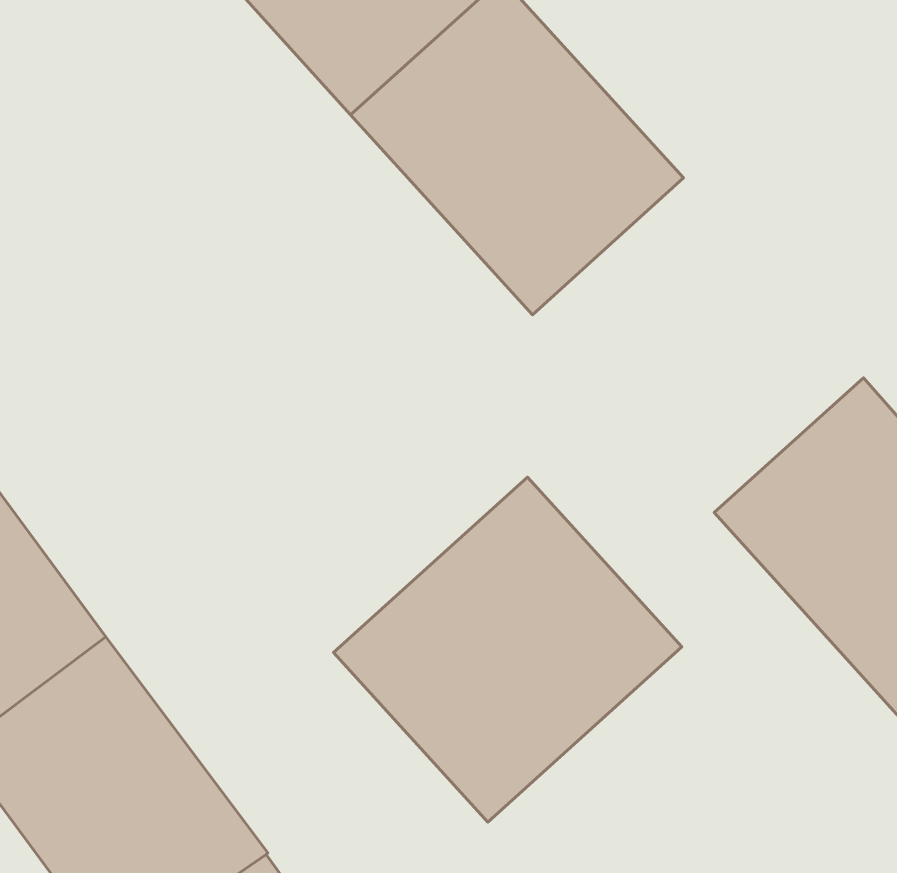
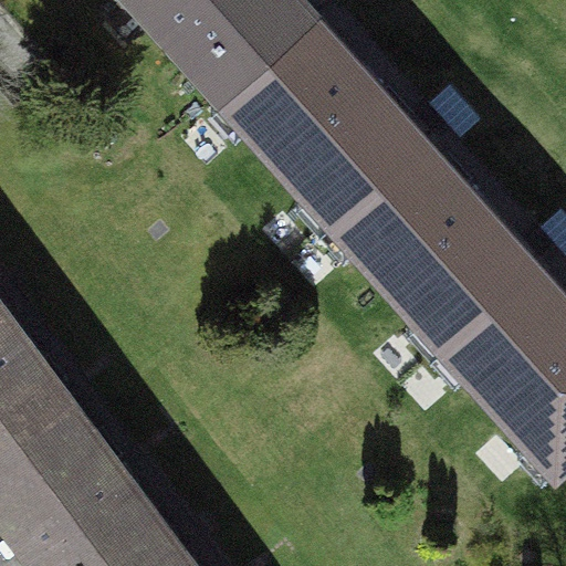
building: none -> [329,135,533,340]
building: [334,477,682,822] -> none

